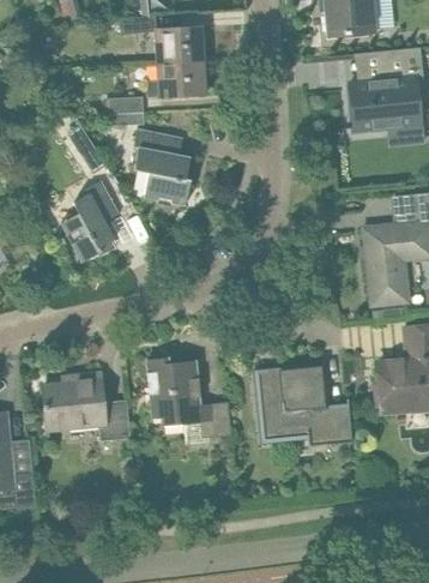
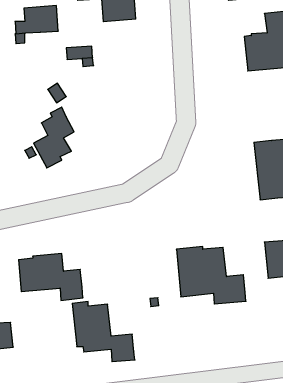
building: [146,59,205,97] -> [15,6,58,34]
building: [134,127,191,205] -> none
building: [147,356,232,438] -> [72,302,135,362]

